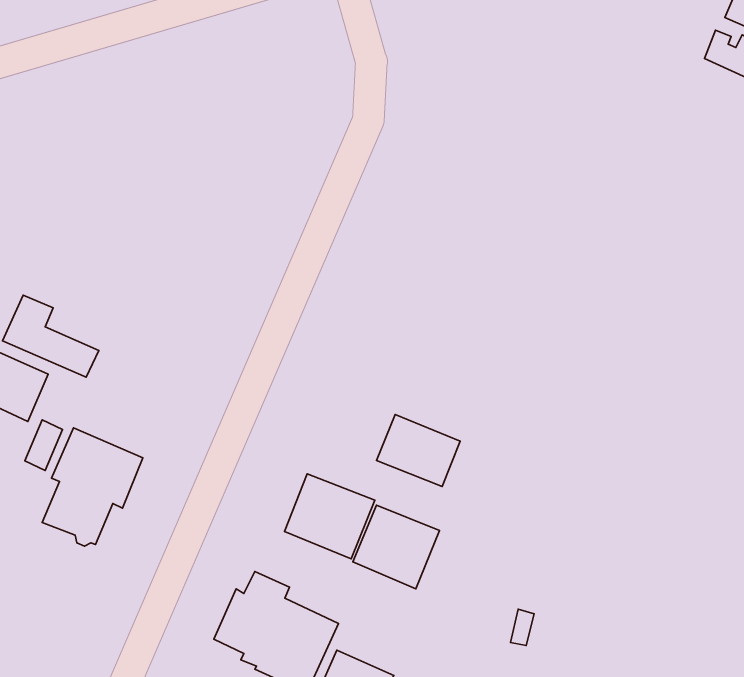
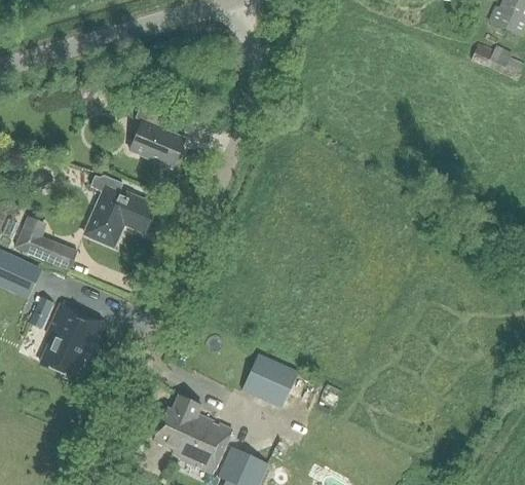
building: none -> [127,104,183,167]
building: none -> [84,174,155,242]
building: [376,414,460,486] -> none
building: [285,474,375,559] -> none

